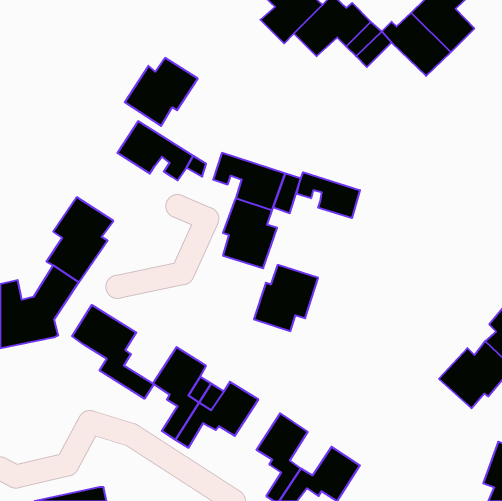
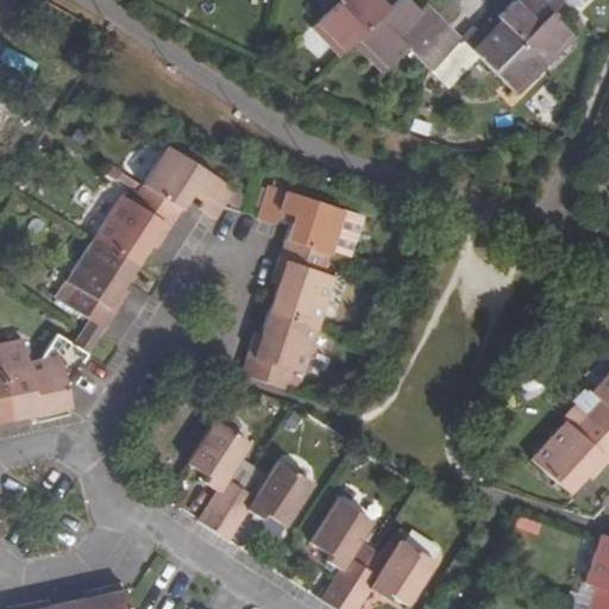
building: [125,58,198,126] -> [95,184,183,266]
building: [297,172,360,218] -> none
building: [254,265,318,331] -> [243,308,320,388]
building: [72,305,154,399] -> none

